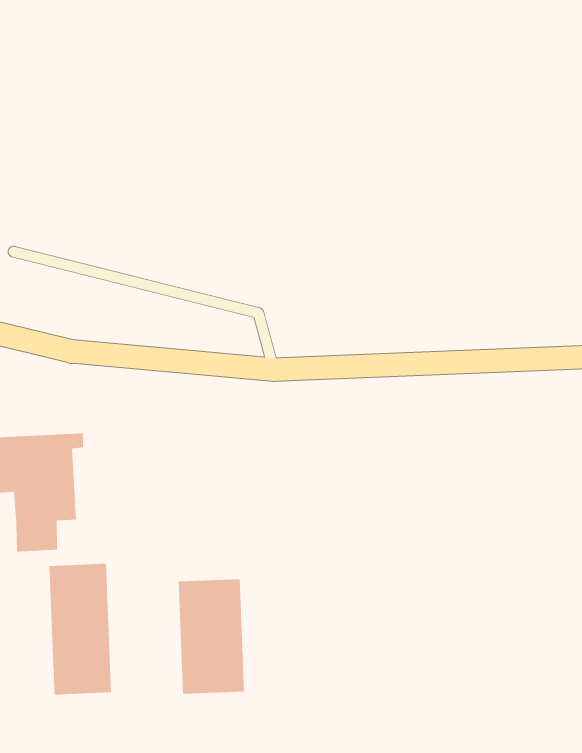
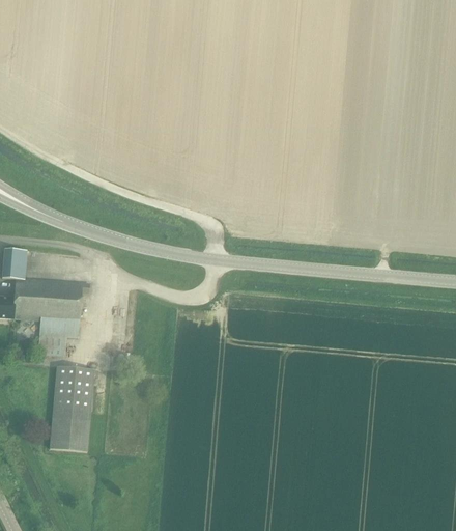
building: [178,579,245,694] -> none

